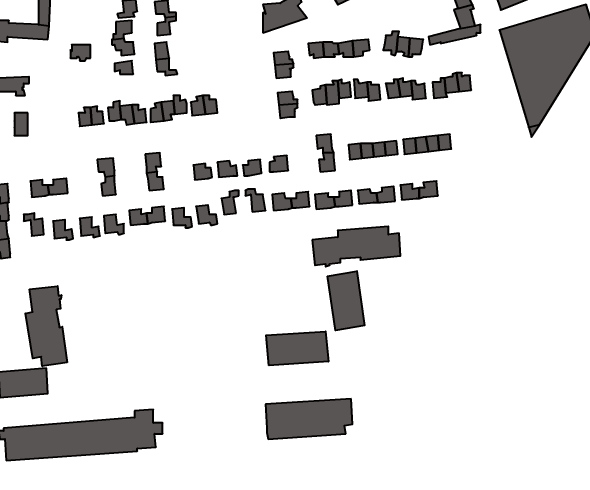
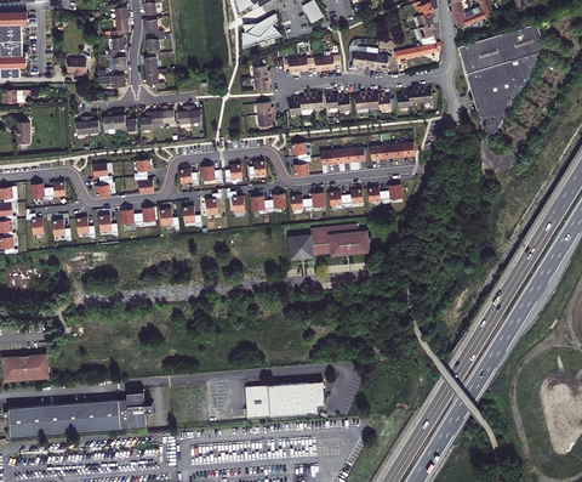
building: [328,271,365,330] -> none
building: [25,286,67,366] -> none
building: [266,331,328,365] -> none

